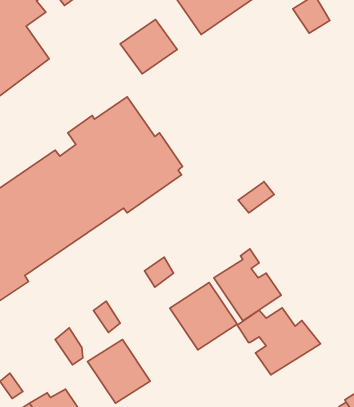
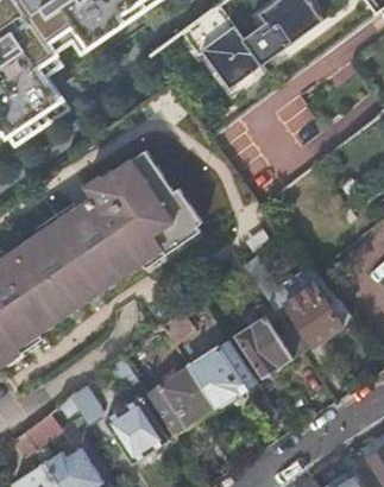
building: [120,19,177,74] -> none
building: [237,308,321,375] -> [269,283,354,352]
building: none -> [147,365,218,436]

